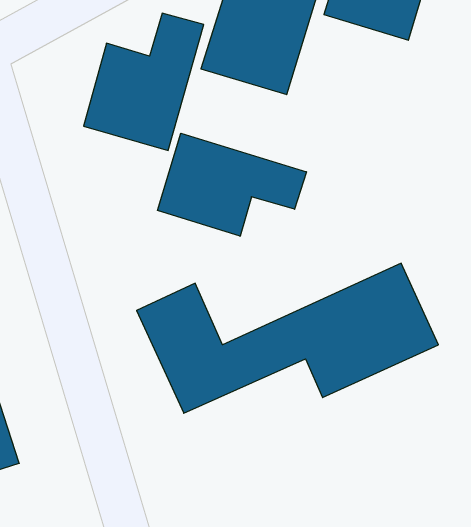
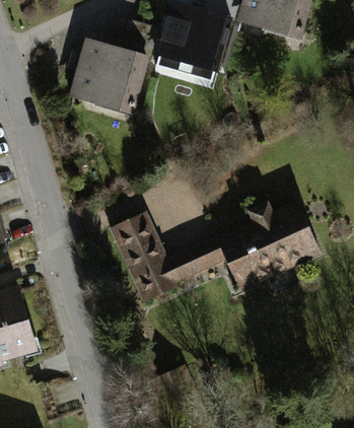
building: [158,133,306,236] -> none

